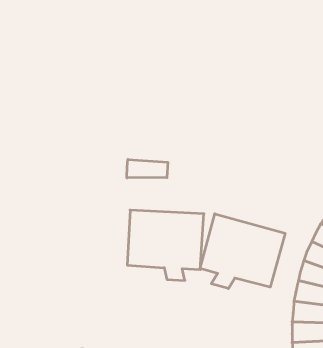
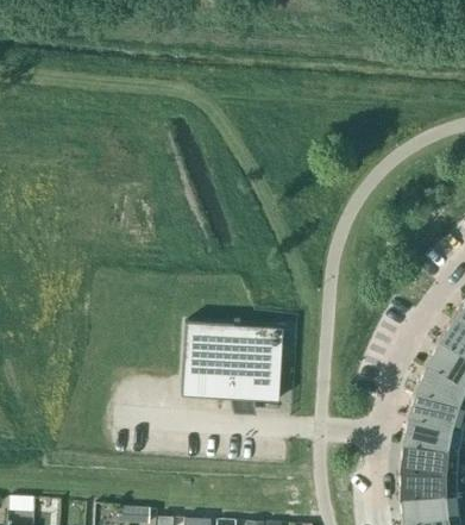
building: [127,159,168,178] -> none
building: [200,214,285,289] -> none

